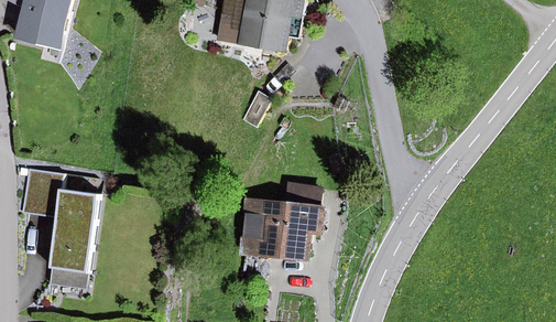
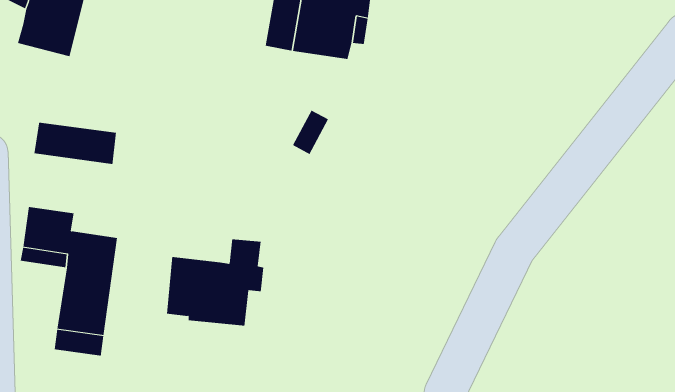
building: none -> [34,122,116,165]
building: [242,186,321,257] -> [166,239,264,326]

